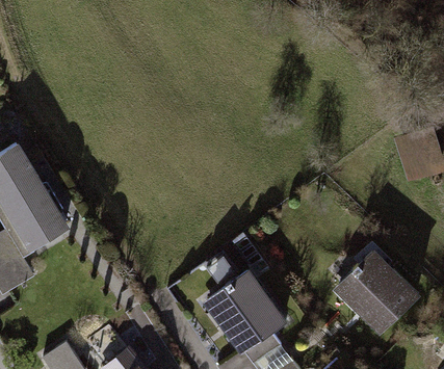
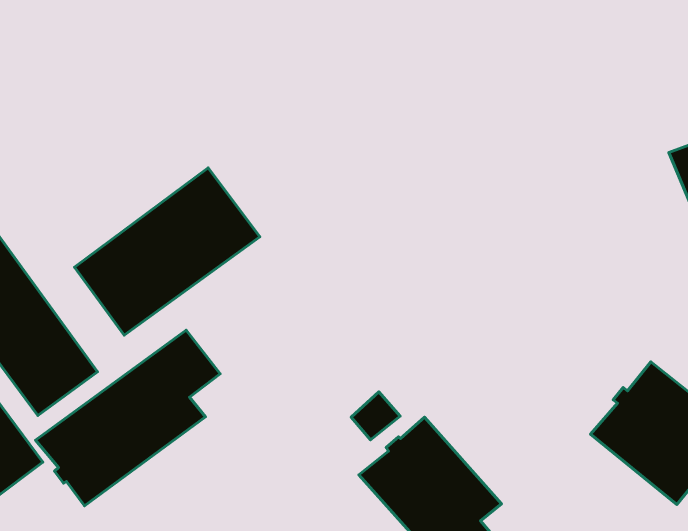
building: none -> [74,168,260,335]
building: none -> [36,330,220,506]

